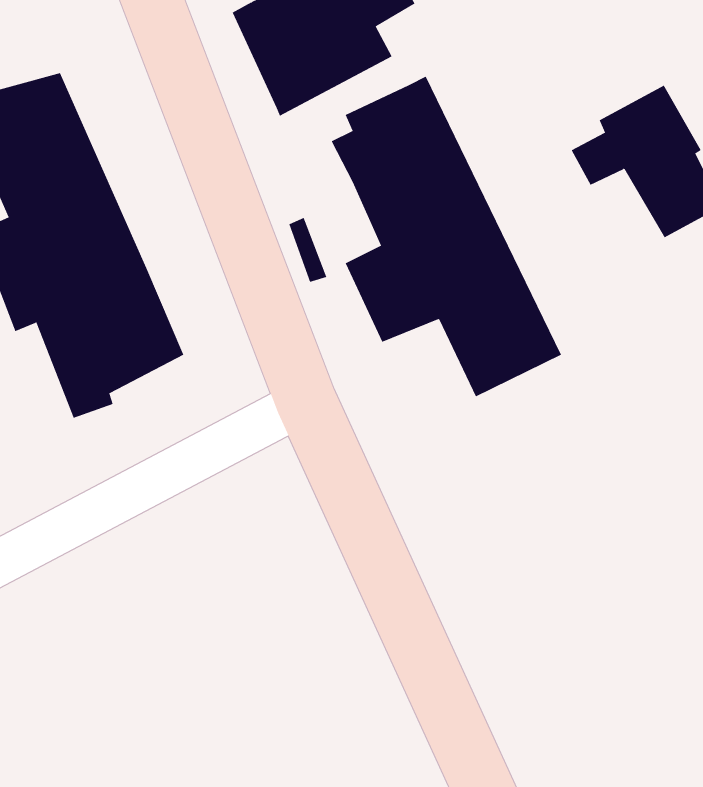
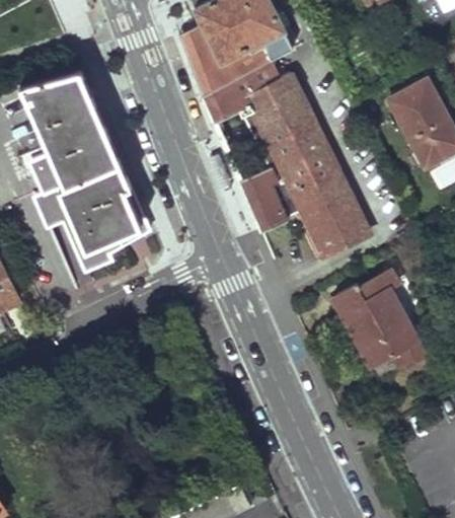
building: none -> [207,62,281,119]
building: none -> [330,271,425,383]

